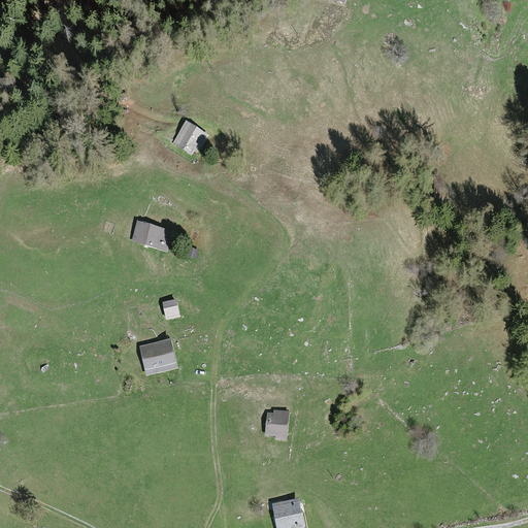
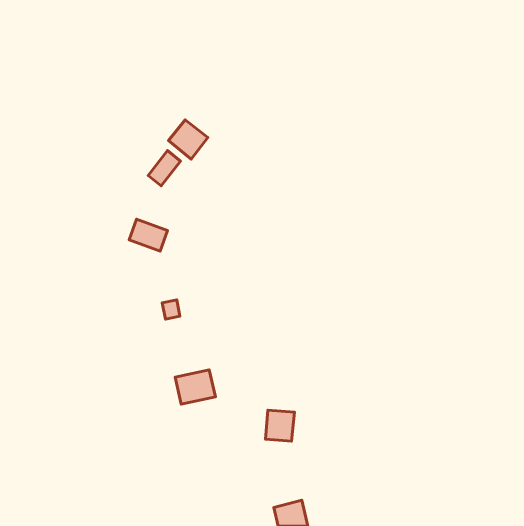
building: none -> [148,151,181,186]
building: [138,338,178,372] -> [175,370,215,404]

